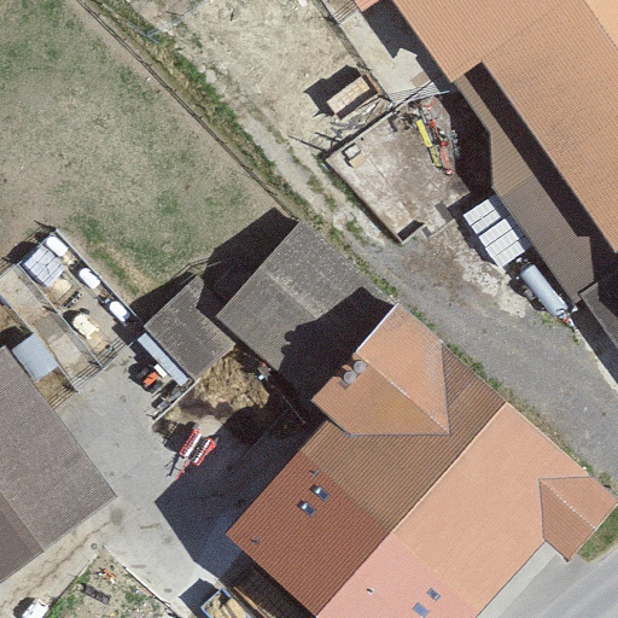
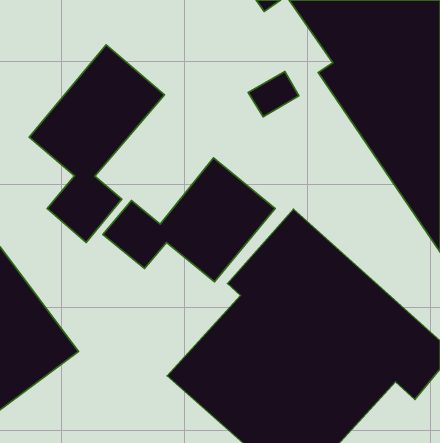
building: none -> [29,45,164,242]

